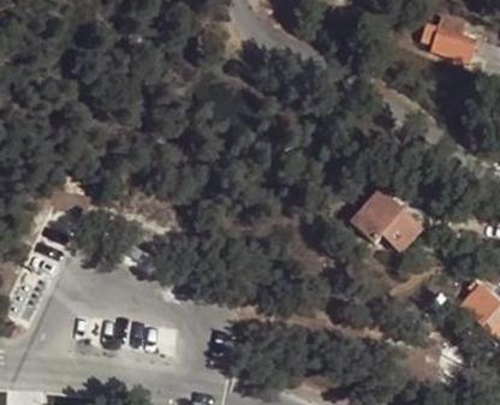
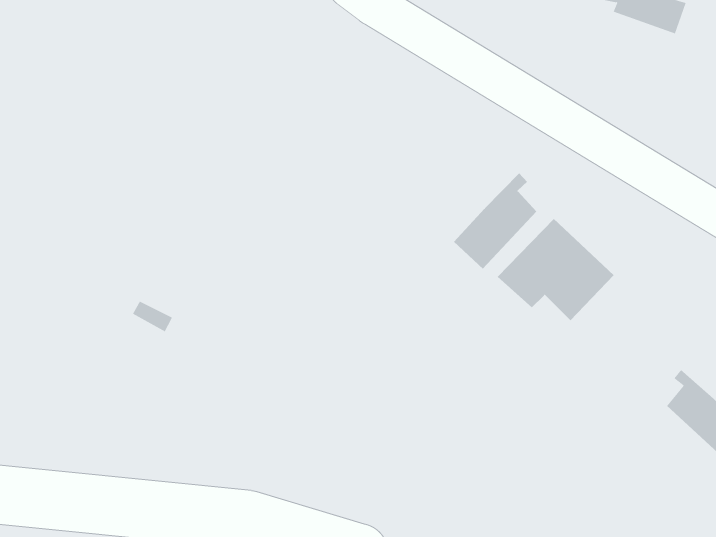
building: none -> [453,173,537,269]

